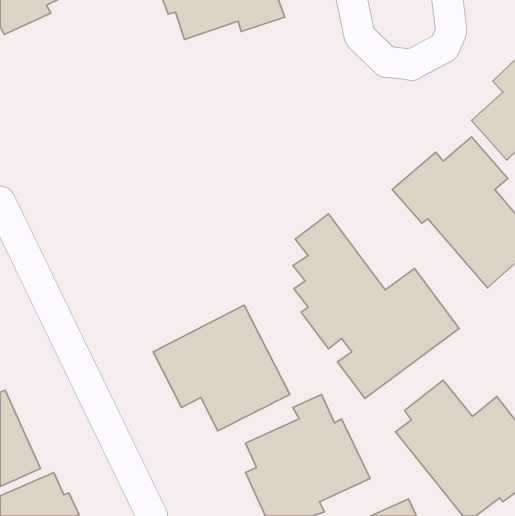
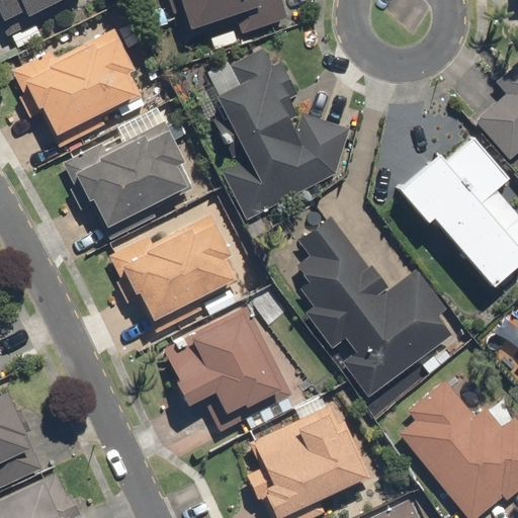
building: none -> [7,15,147,148]
building: none -> [201,49,351,220]
building: none -> [61,120,198,240]
building: none -> [105,211,246,332]

